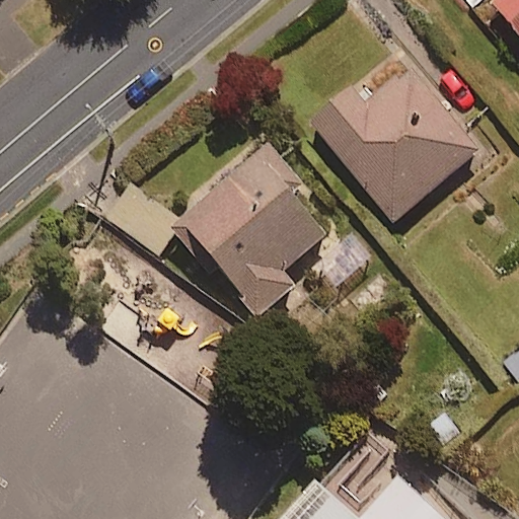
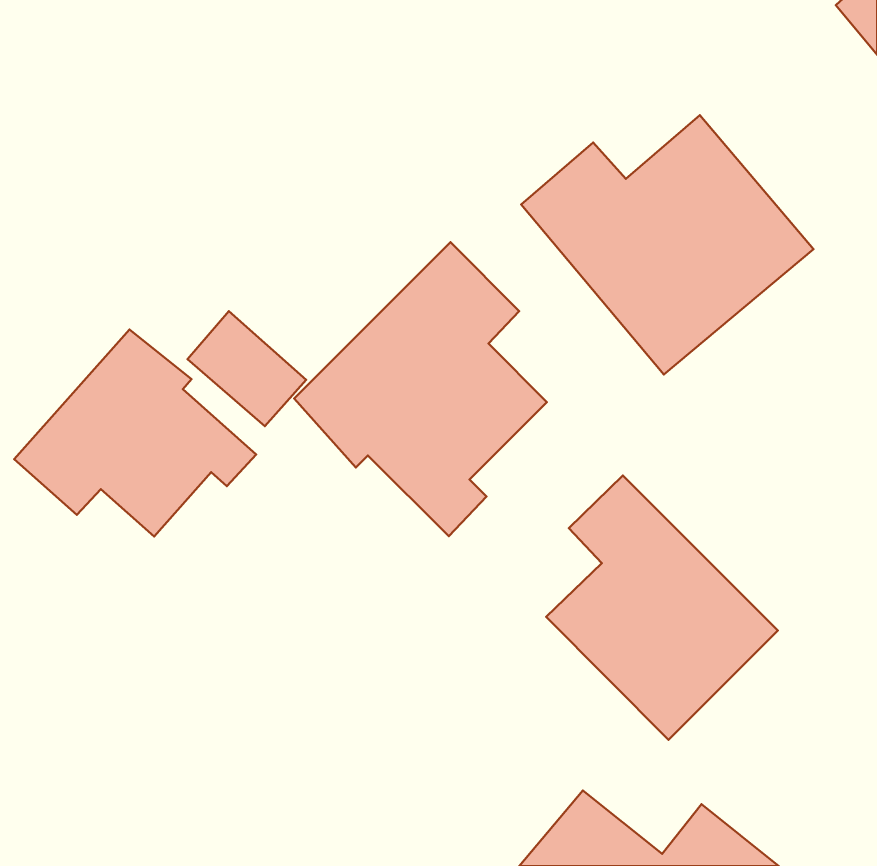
building: none -> [14,329,256,536]
building: none -> [546,476,778,740]

